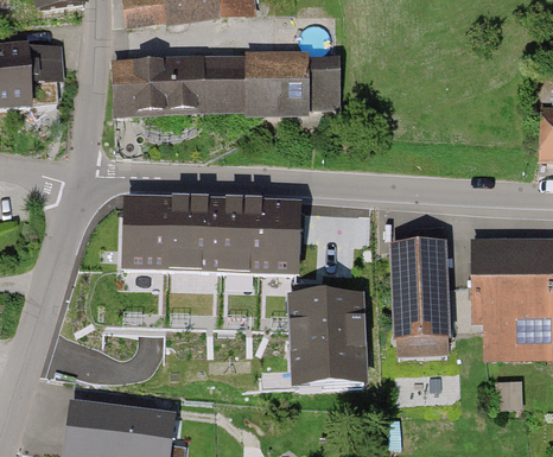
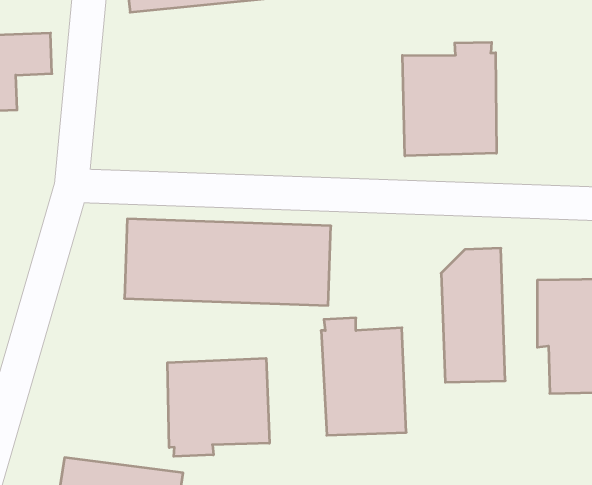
building: none -> [402,42,496,156]
building: [114,50,342,119] -> none
building: none -> [168,358,269,456]

